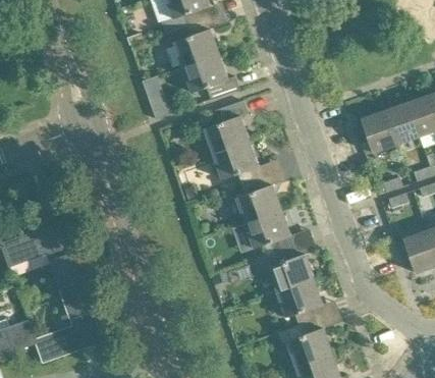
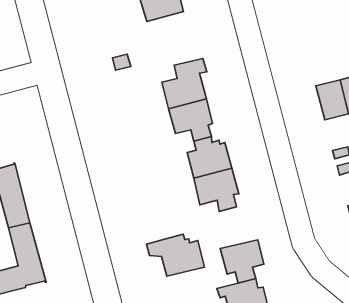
building: [182,55,238,100] -> none
building: [253,249,314,292] -> [146,234,205,276]

